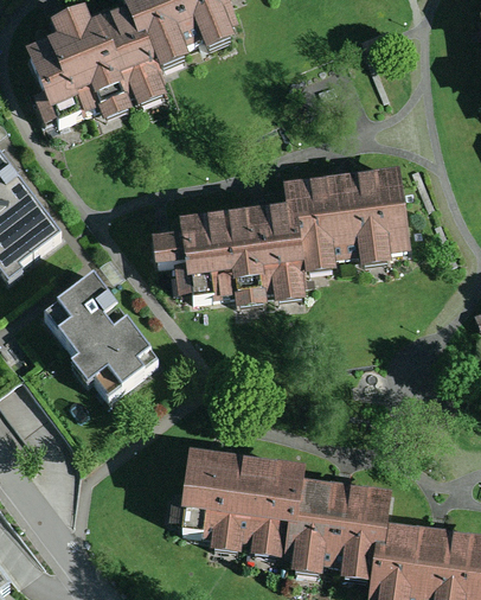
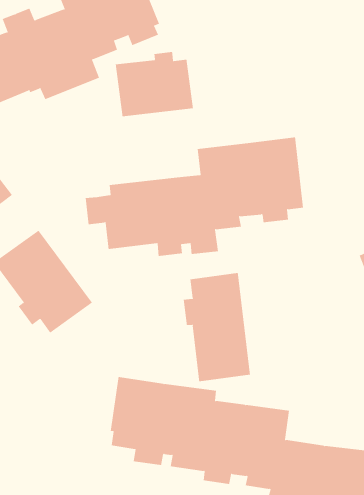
building: none -> [115,51,193,117]
building: none -> [183,272,250,382]

